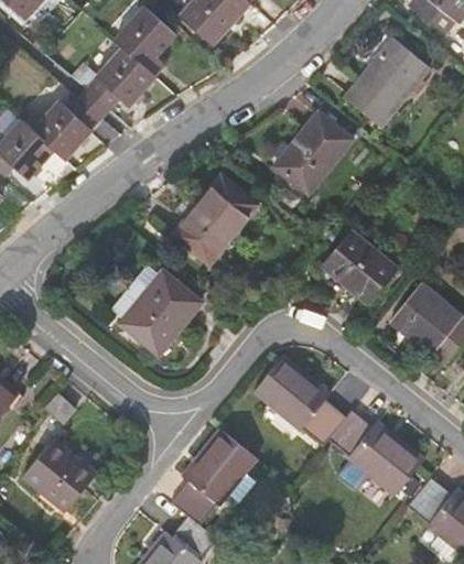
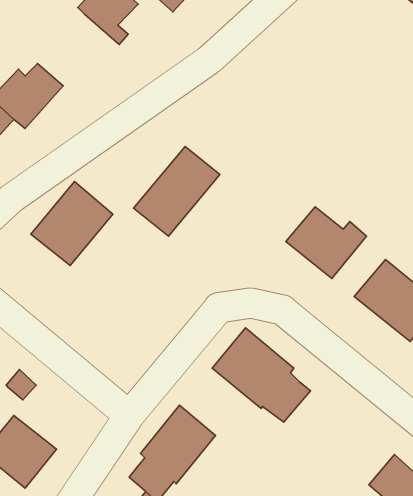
building: [347,40,430,127] -> none
building: [88,44,159,107] -> none
building: [278,110,355,192] -> none
building: [119,272,199,355] -> [31,182,113,266]
building: [327,409,423,496] -> none

